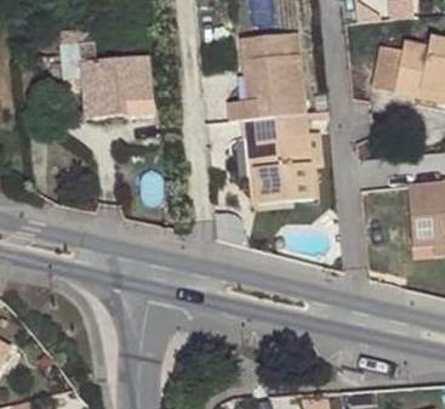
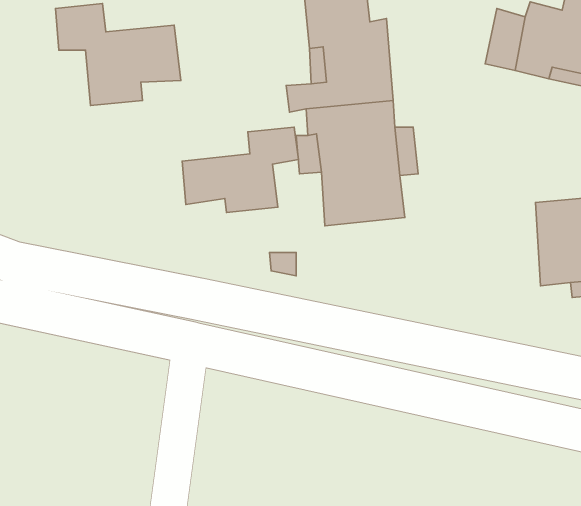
building: none -> [182,127,298,213]

